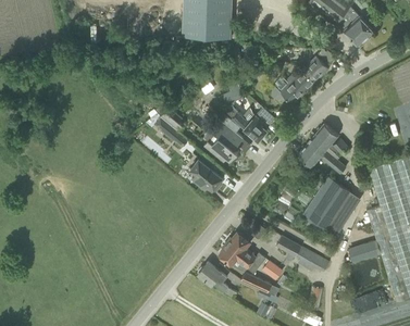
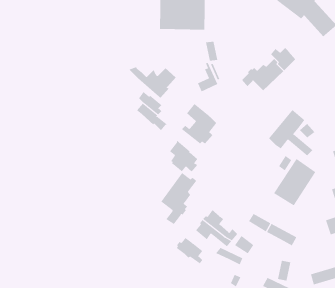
building: [224,106,276,141] -> [128,66,176,98]
building: none -> [160,172,197,225]

